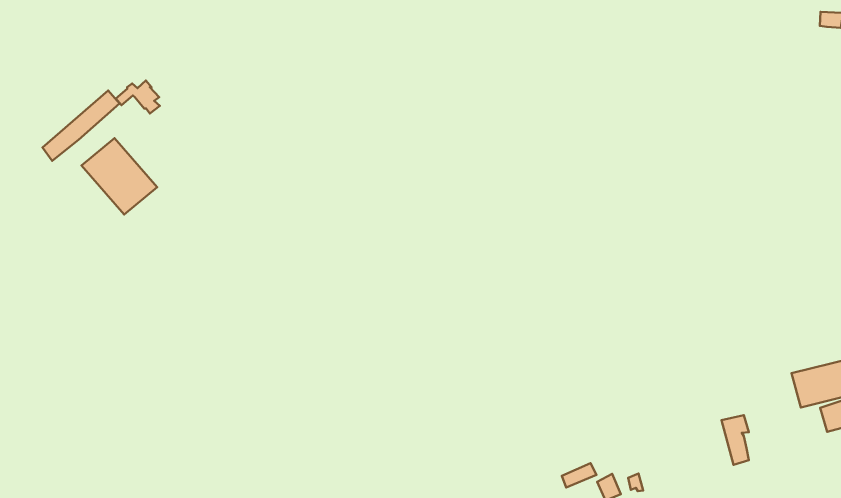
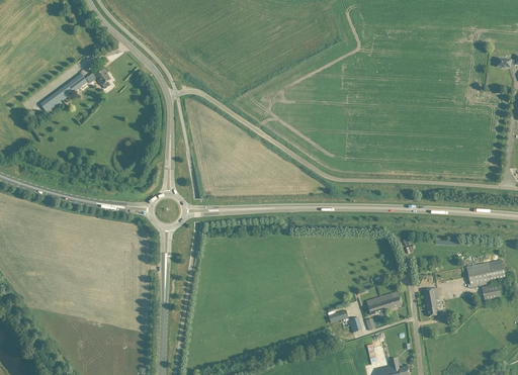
building: [81,138,157,215] -> none
building: none -> [368,292,403,313]

